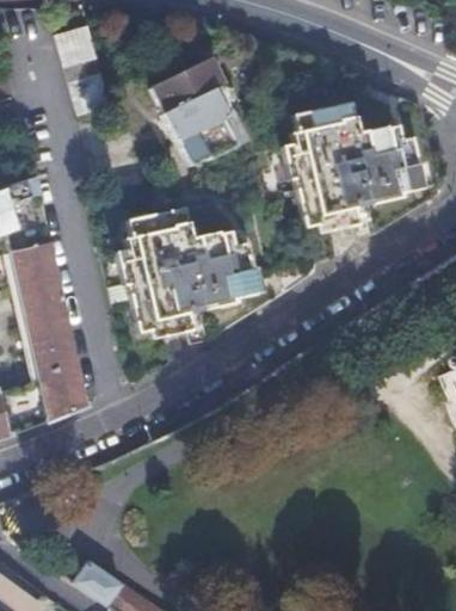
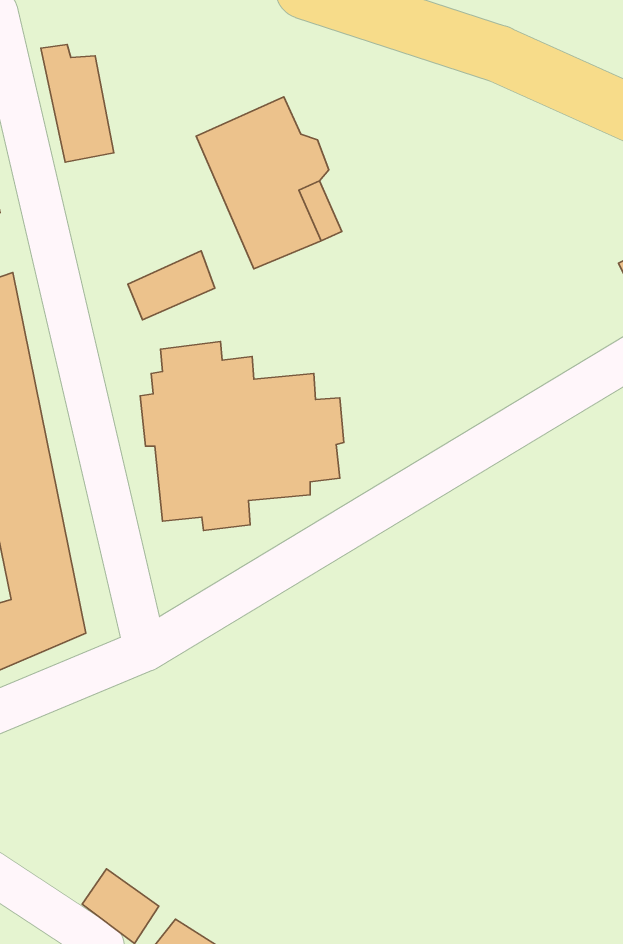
building: [290,103,419,228] -> none
building: none -> [128,251,215,320]

